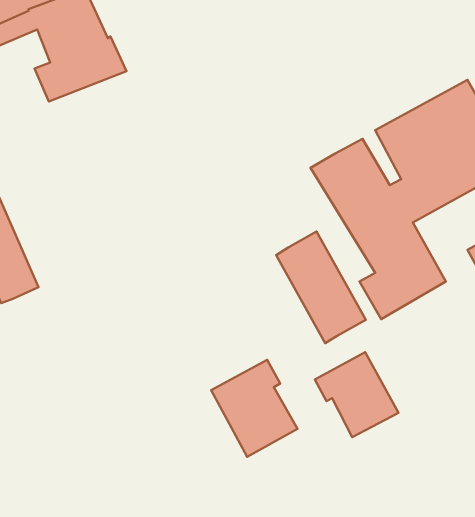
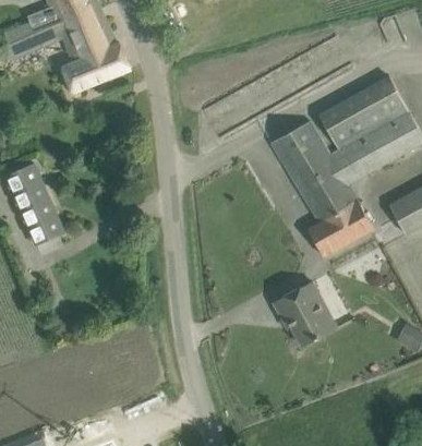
building: [276,232,366,343] -> none
building: [211,360,298,457] -> none

